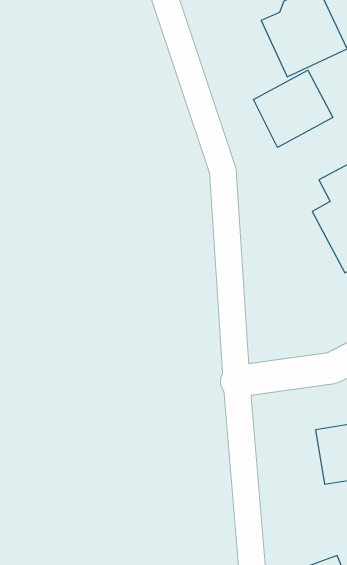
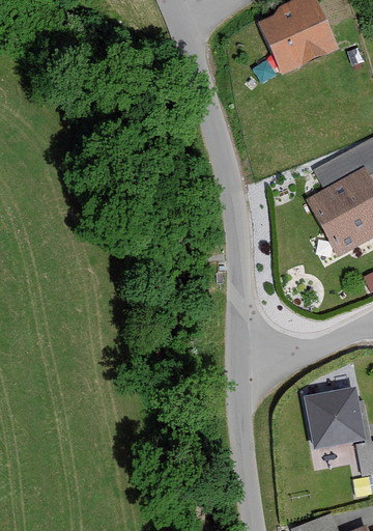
building: [253,70,333,147] -> none

